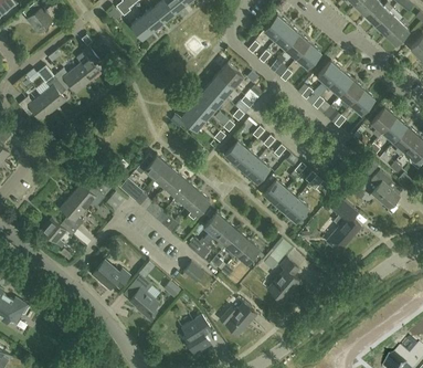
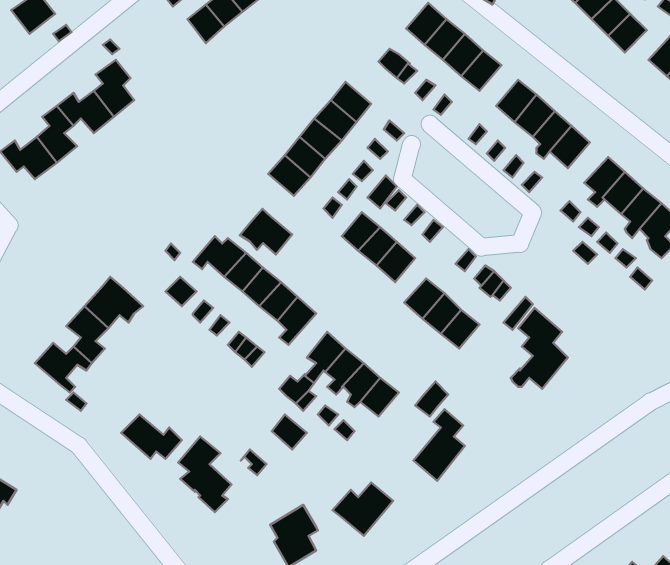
building: none -> [240,209,292,254]
building: [370,170,399,210] -> none

